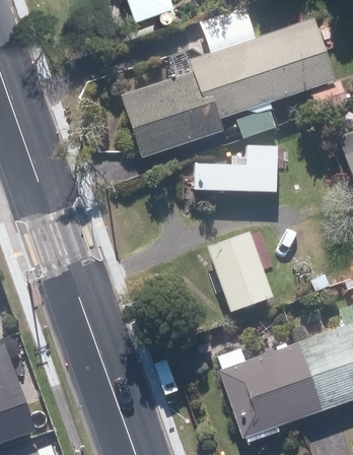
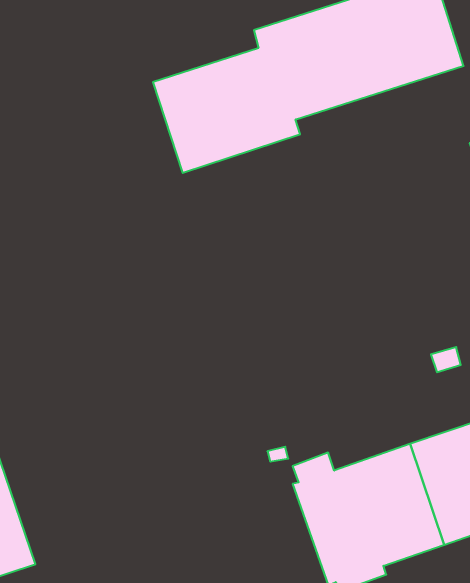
building: [194,146,276,192] -> none
building: [207,234,271,313] -> none

